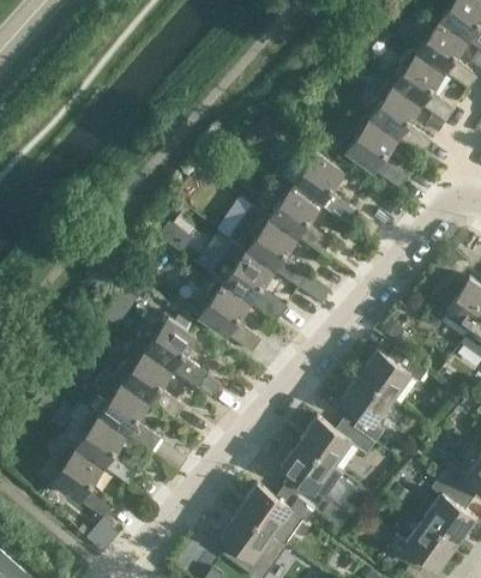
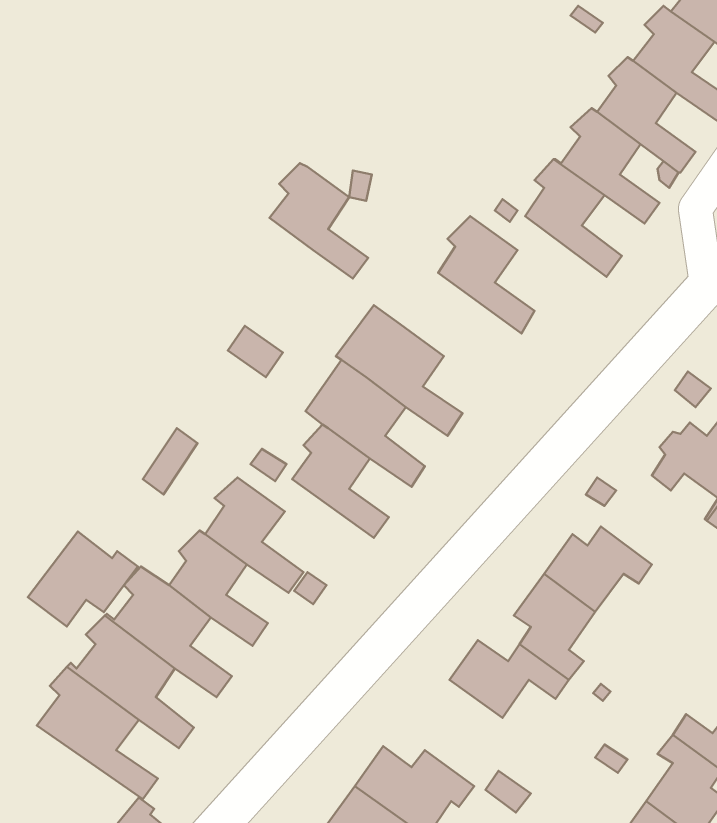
building: [269,183,331,257] -> [270,163,368,279]
building: none -> [28,531,138,627]
building: [281,444,333,511] -> none

